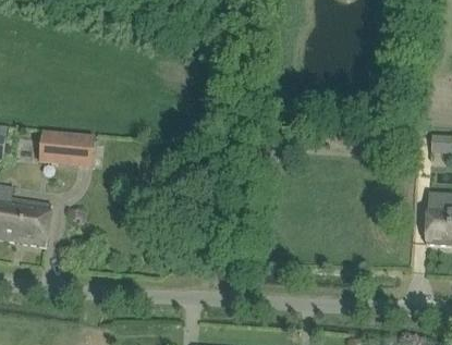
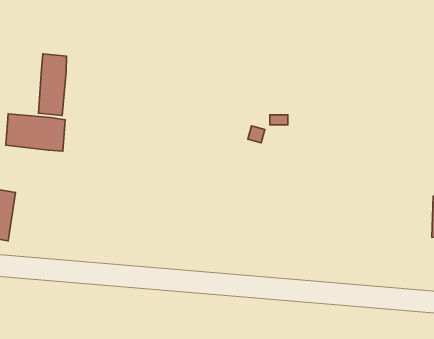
building: none -> [39,54,66,116]

